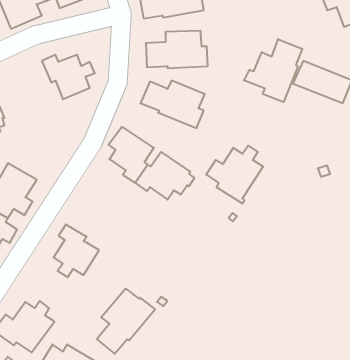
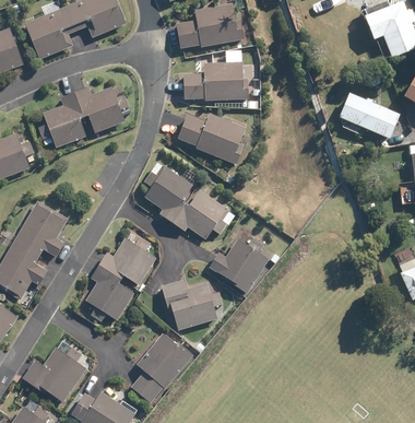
building: [244,39,302,102] -> none
building: none -> [37,93,85,148]
building: [206,146,263,204] -> [205,235,265,296]
building: none -> [98,237,156,286]
building: none -> [161,279,223,330]

